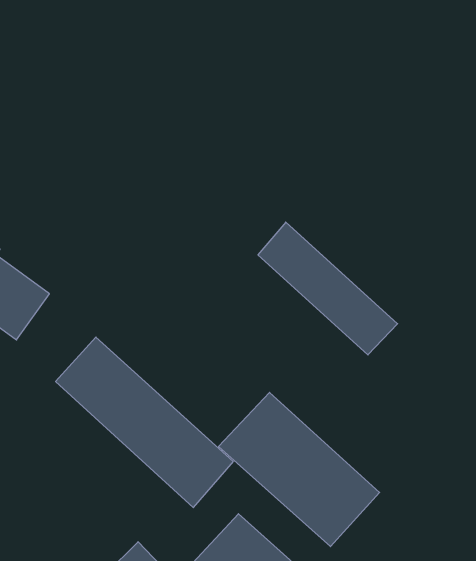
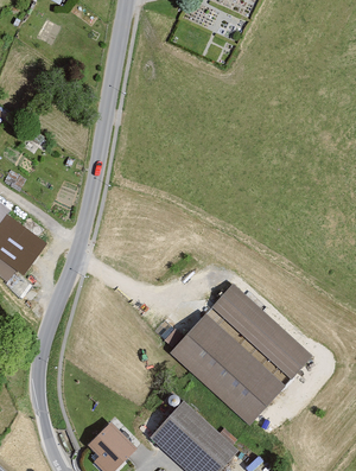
building: [258,222,398,355] -> [211,282,312,378]
building: [56,337,233,508] -> none

